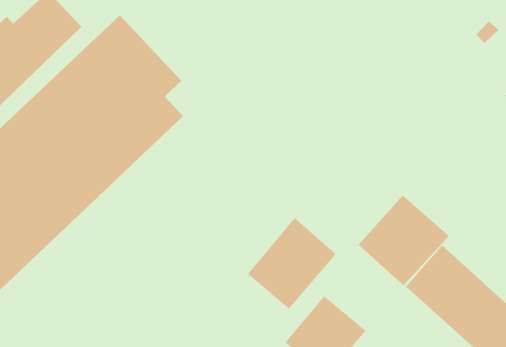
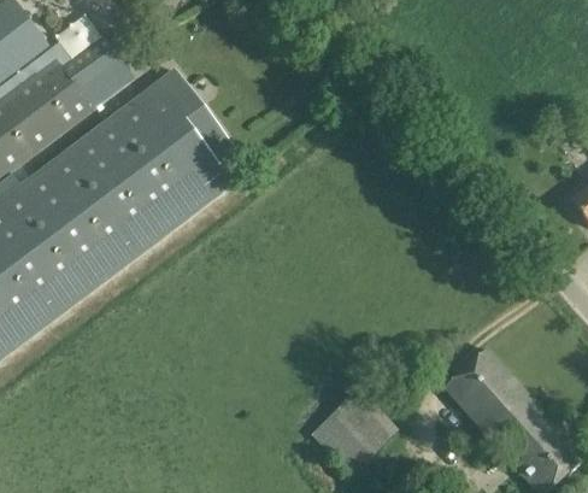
building: [358,195,450,286] -> none
building: [247,217,336,310] -> none

